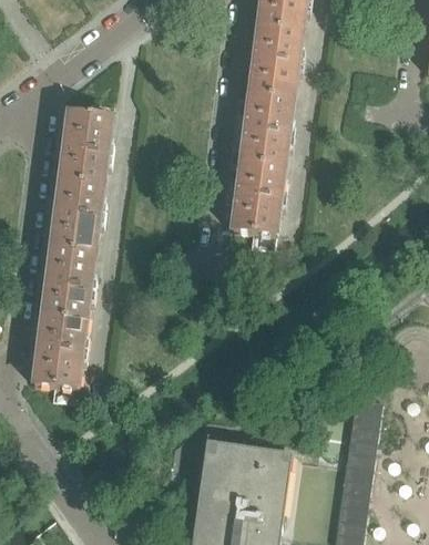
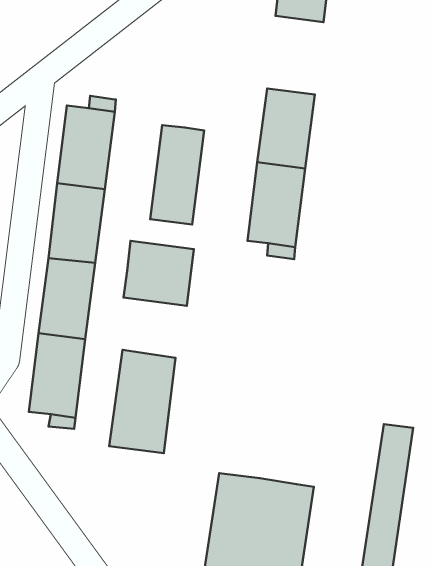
building: [249,30,300,101] -> none
building: none -> [150,125,204,225]
building: none -> [123,241,194,306]
building: none -> [109,350,175,453]

